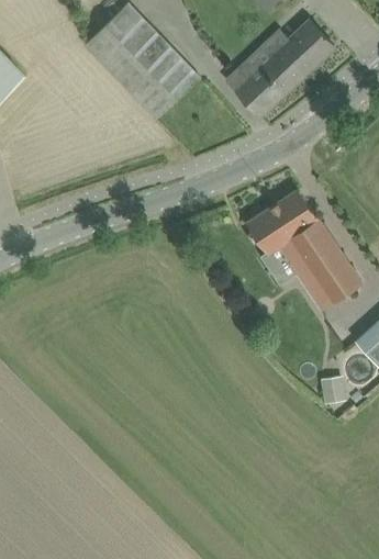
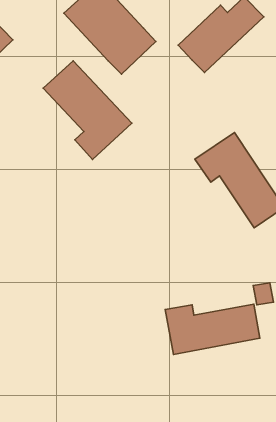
building: none -> [43,61,132,160]
building: none -> [165,304,260,355]

